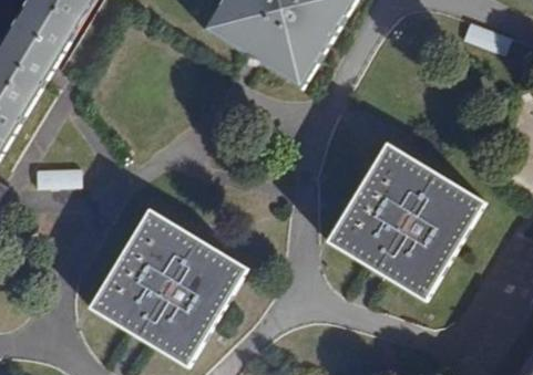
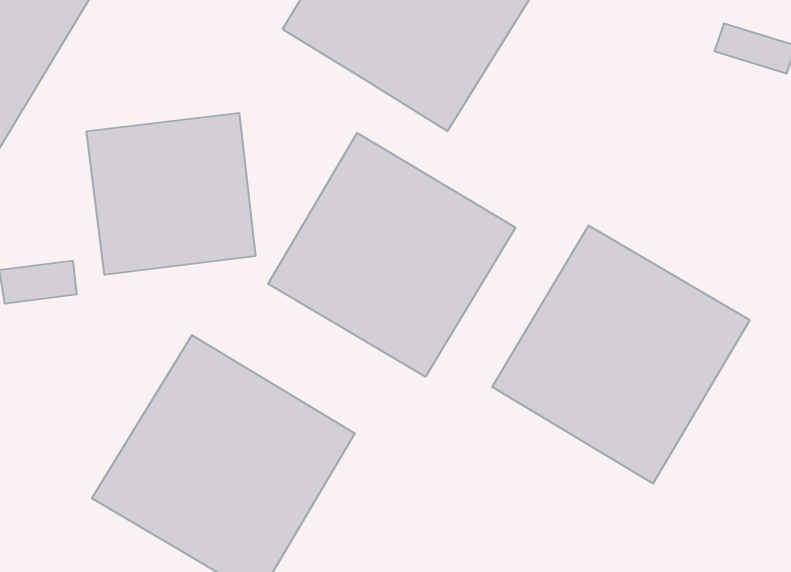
building: none -> [87,113,256,275]
building: none -> [268,133,515,377]

